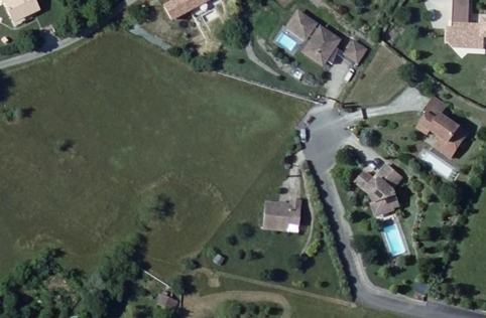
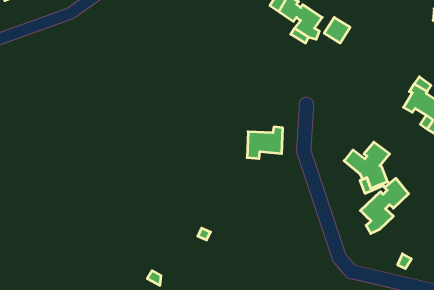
building: [266,197,302,229] -> [247,127,283,159]
building: none -> [360,178,409,234]

